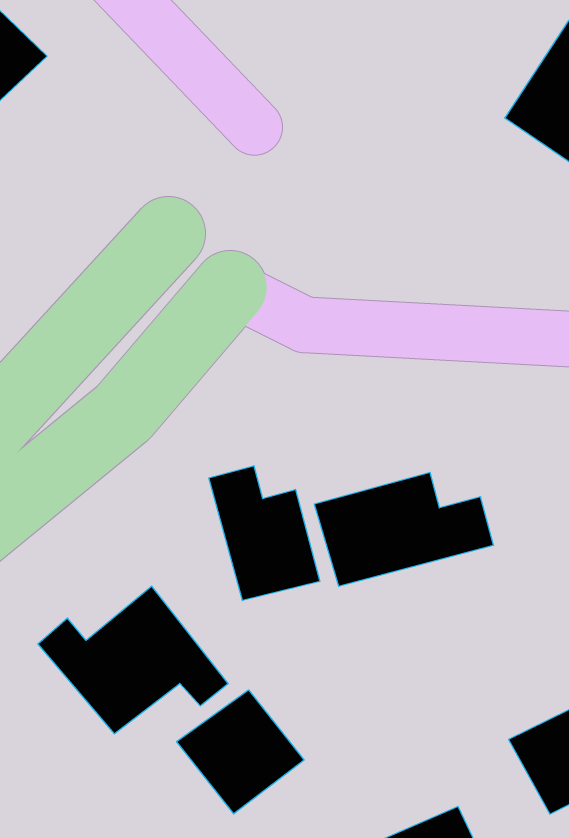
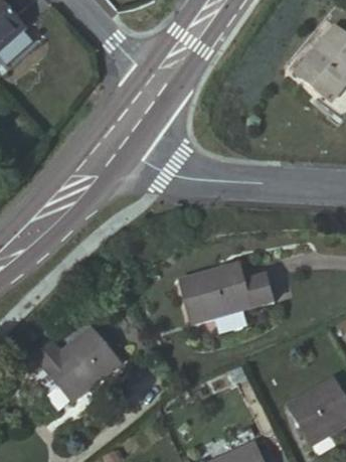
building: [209,466,320,601] -> none
building: [177,690,304,814] -> none

